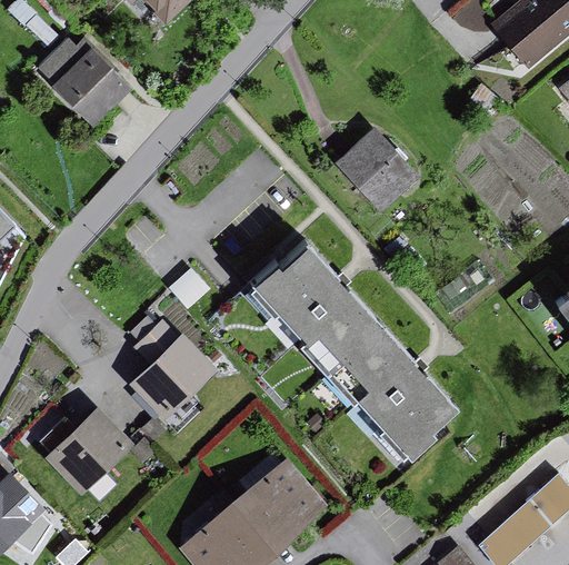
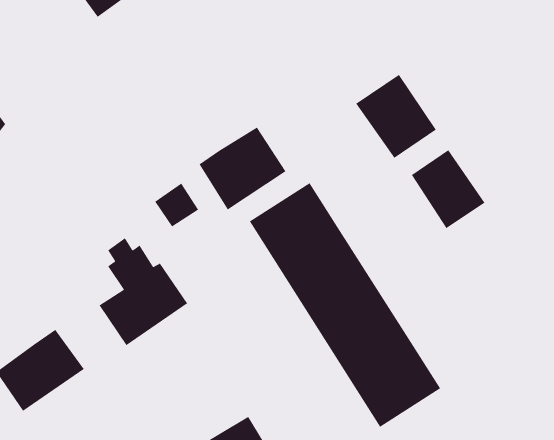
building: none -> [411,149,485,229]
building: none -> [198,126,286,210]

